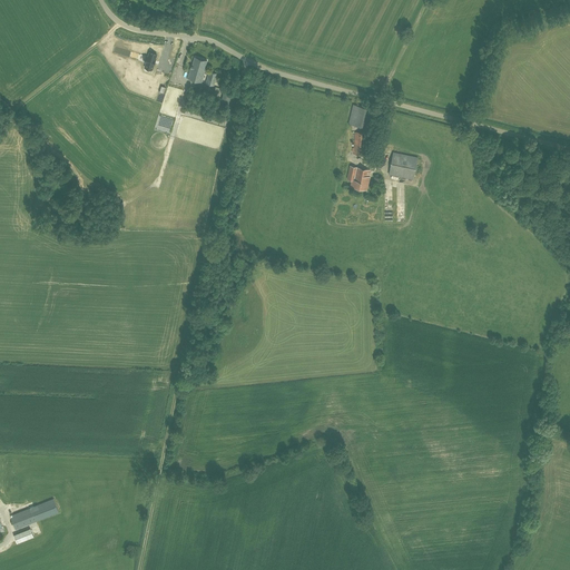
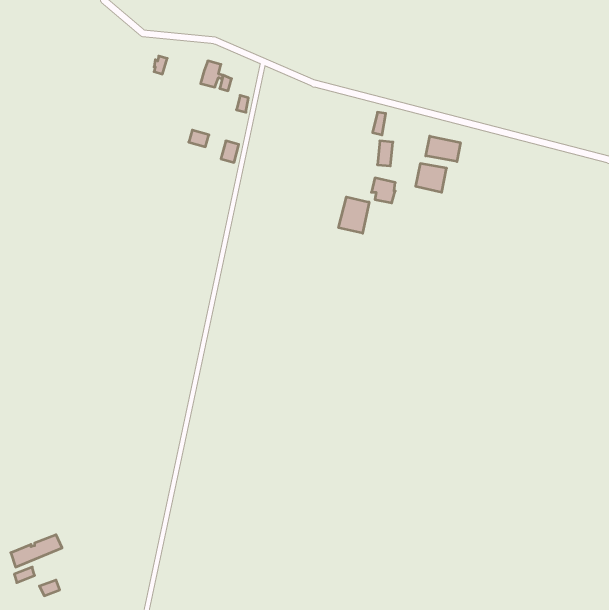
building: none -> [426,136,460,162]
building: none -> [339,197,369,233]

